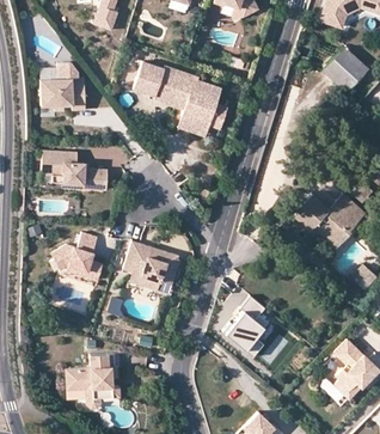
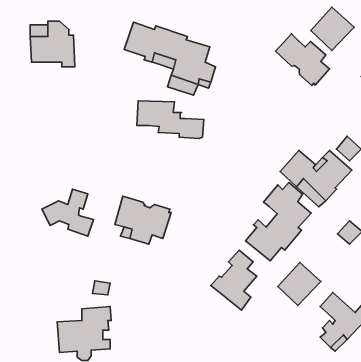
building: none -> [275,34,329,86]
building: [36,149,104,188] -> [137,101,204,138]
building: none -> [246,182,311,261]
building: none -> [278,263,321,306]

